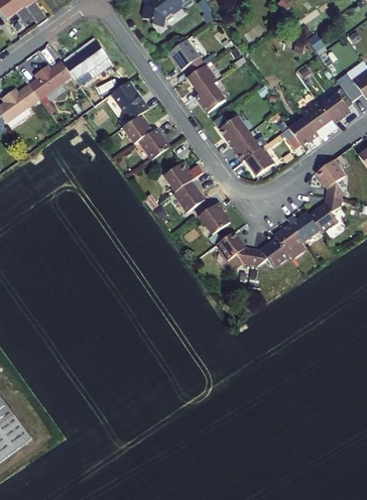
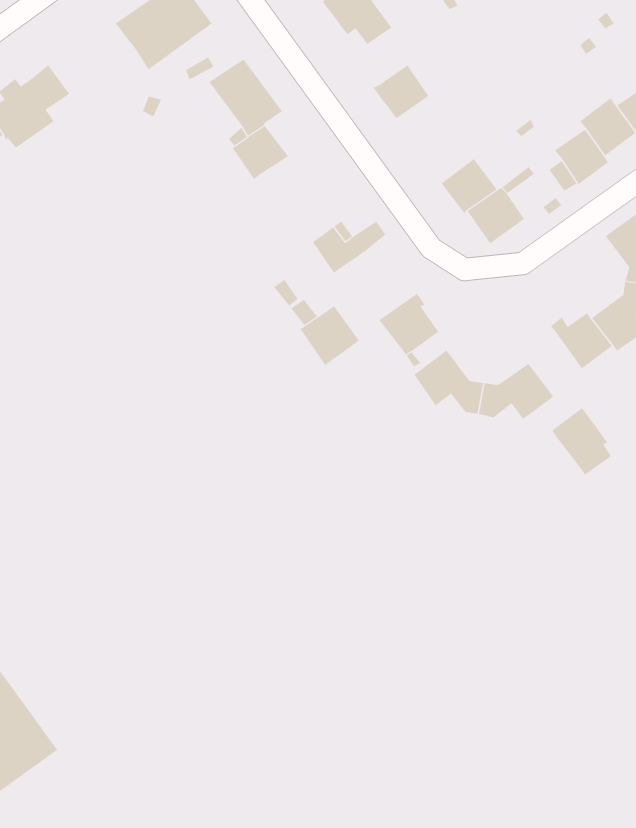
building: [28,60,73,99] -> none
building: [188,65,217,94] -> none
building: [214,113,248,145] -> none
building: [138,128,169,159] -> none
building: [173,180,205,212] -> [299,305,360,366]
building: [274,223,305,258] -> [551,407,612,476]

